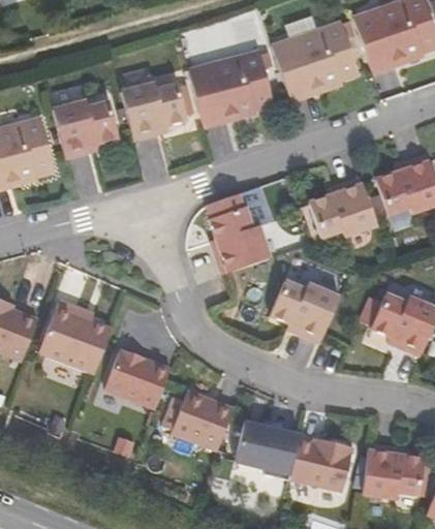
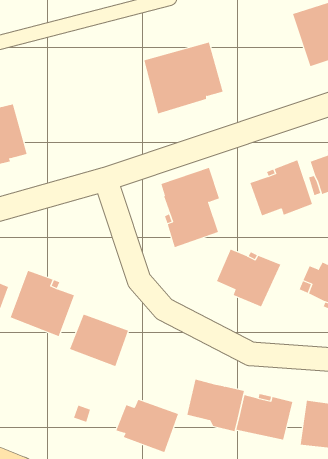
building: [270,18,361,101] -> none
building: [119,77,187,136] -> none
building: [52,99,120,158] -> none
building: [162,391,232,450] -> [116,399,179,453]

